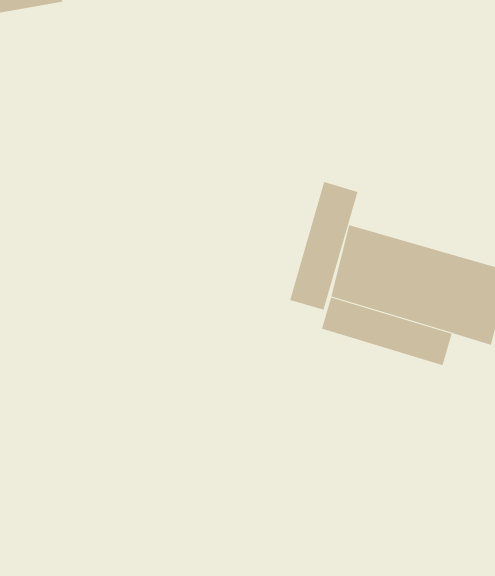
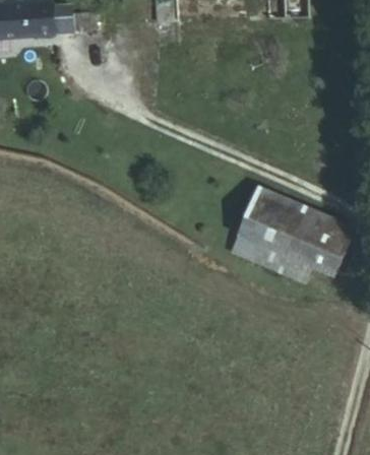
building: [290,181,358,310] -> none

